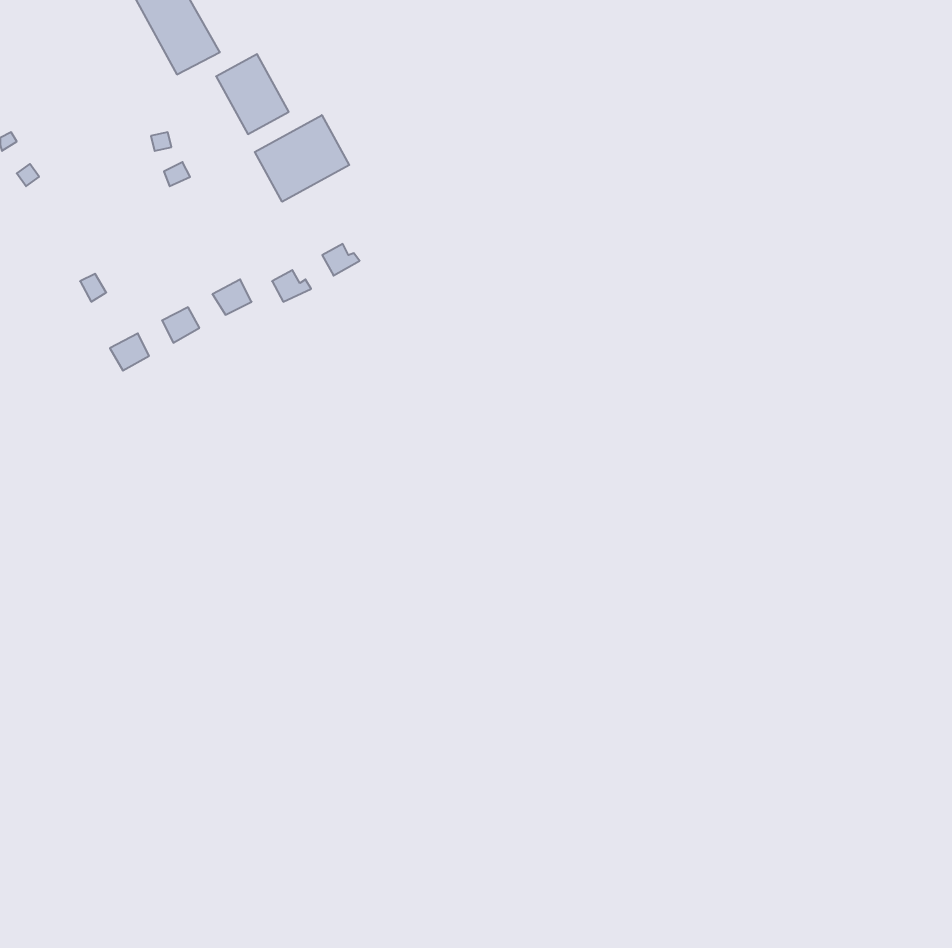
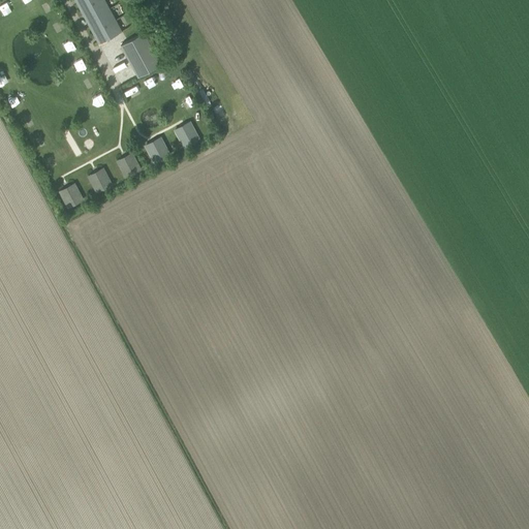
building: [255,115,349,202] -> none

